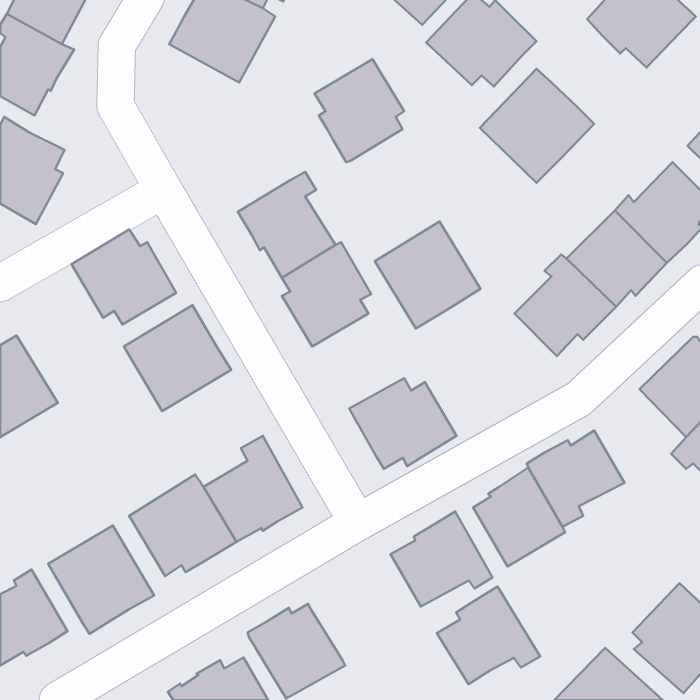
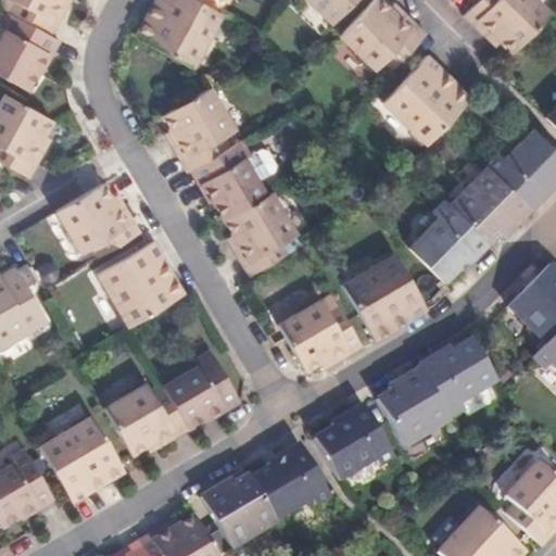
building: [315,59,404,162] -> [162,87,232,168]
building: [375,221,481,329] -> [343,254,427,339]
building: [437,586,540,684] -> [248,444,329,521]

